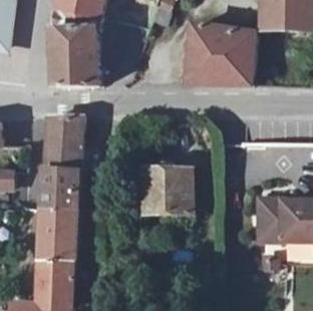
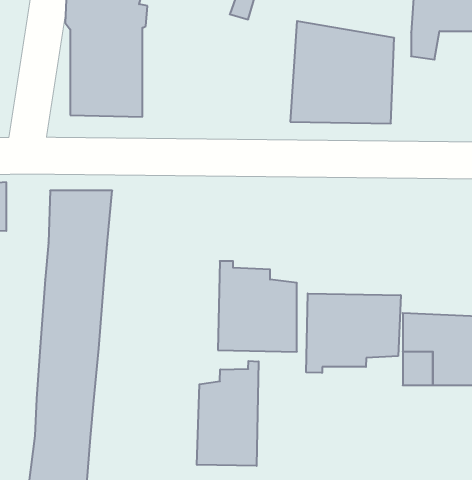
building: none -> [306,293,401,373]
building: none -> [197,361,259,466]

